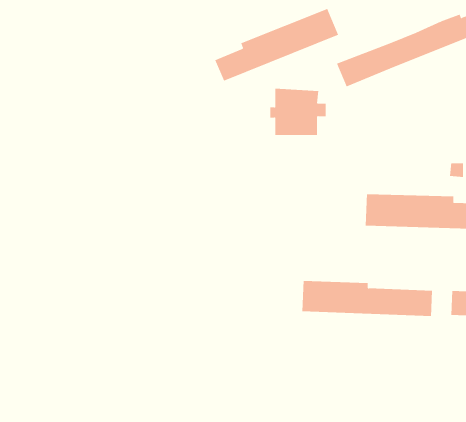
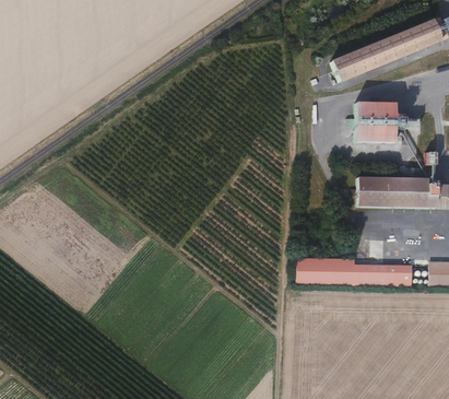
building: [214,8,339,82] -> none
building: [270,88,327,135] -> [348,102,399,143]

